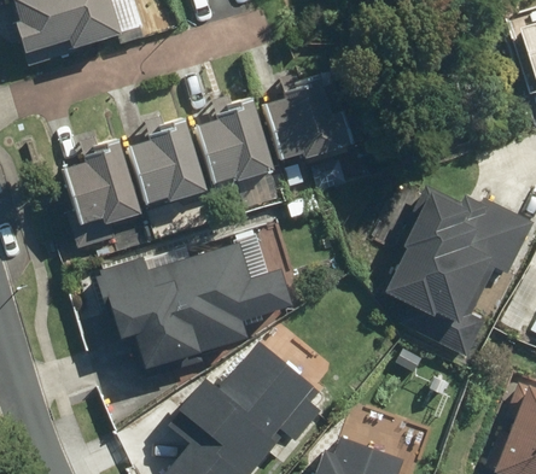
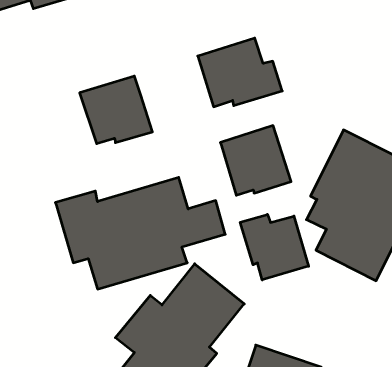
building: [197,104,278,183] -> [220,126,291,195]
building: [59,146,145,226] -> none
building: none -> [240,214,309,280]

